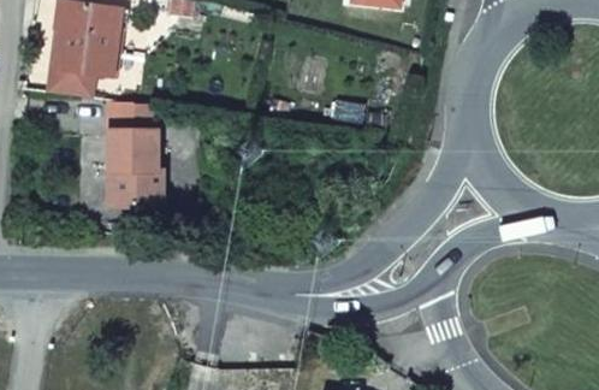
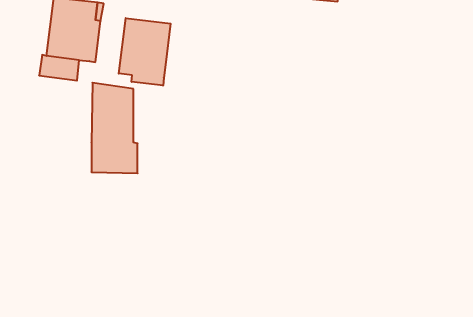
building: none -> [119,18,171,86]

